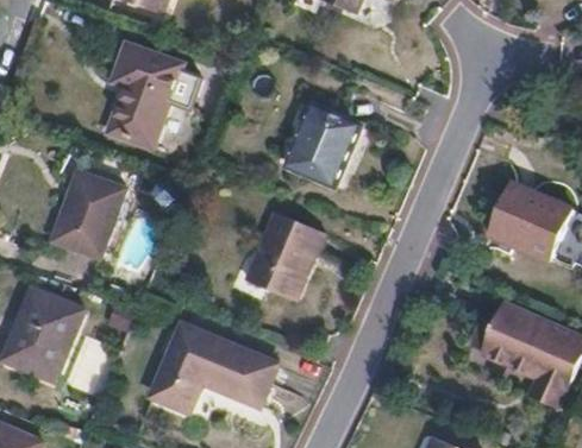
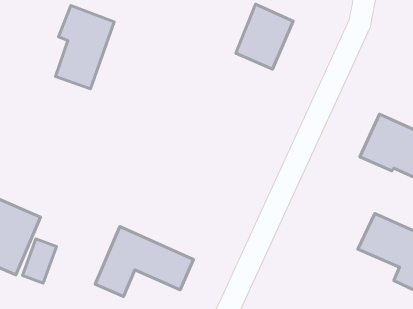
building: [284,103,357,185] -> [236,4,293,69]
building: [54,170,125,255] -> none
building: [249,208,325,292] -> none

